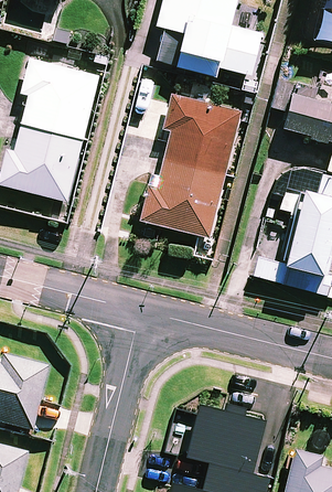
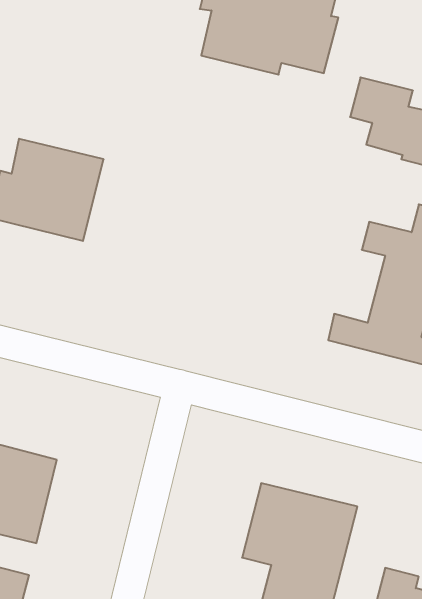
building: [20,58,99,139] -> none
building: [141,84,240,236] -> none

